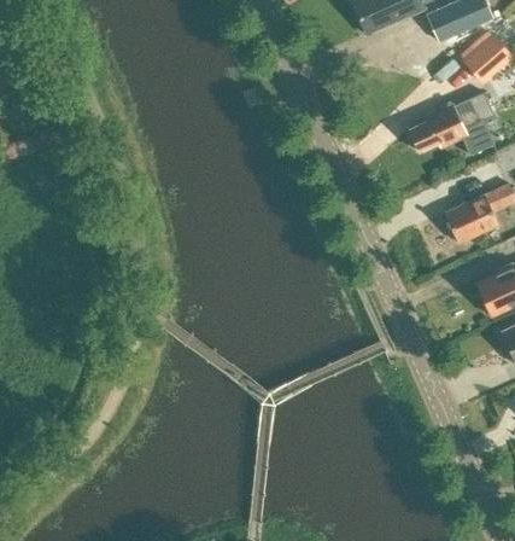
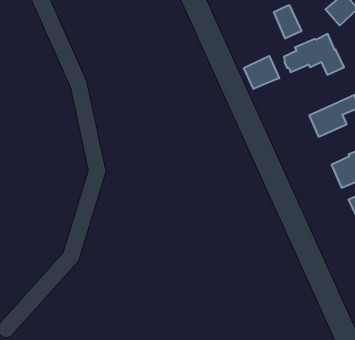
building: none -> [274,5,301,39]
building: none -> [244,56,279,89]

